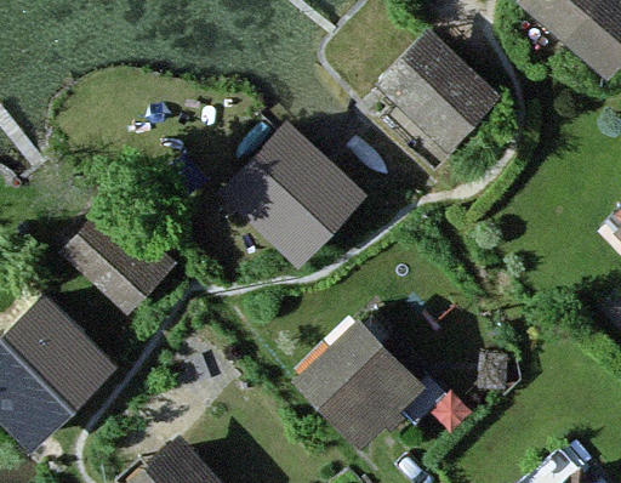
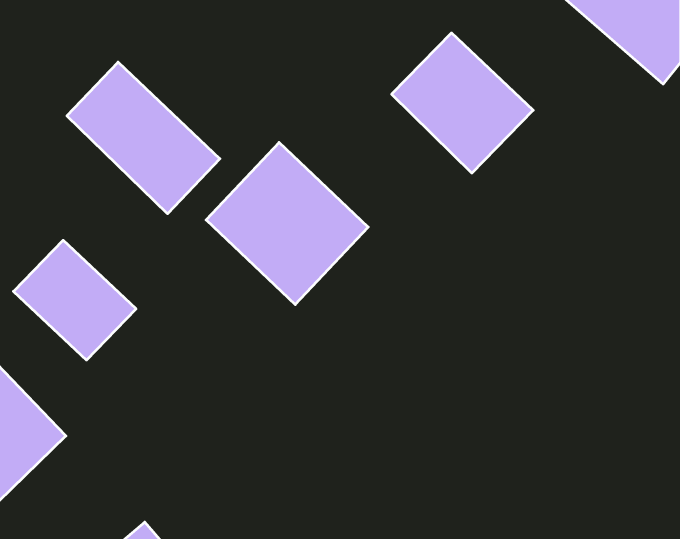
building: none -> [67,62,220,214]
building: [298,324,418,444] -> none

